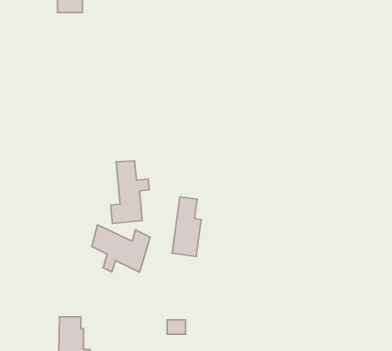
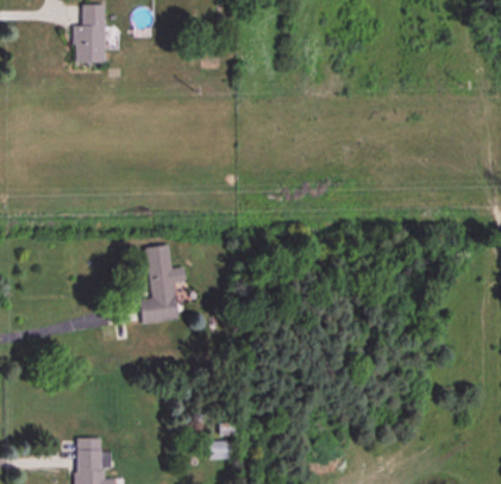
building: [172,197,201,256] -> none
building: [92,225,150,272] -> none

